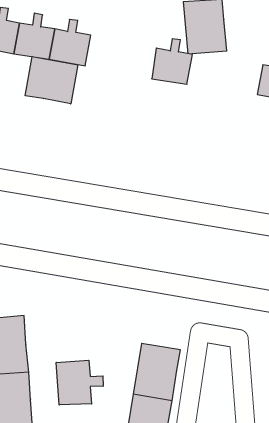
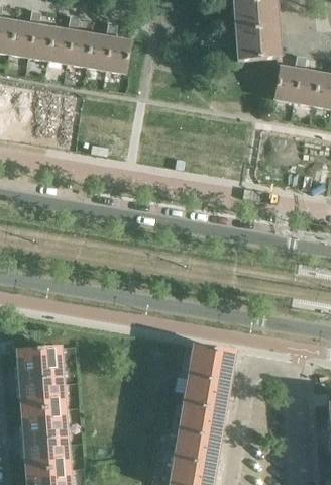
building: [152,39,192,84] -> [274,55,319,104]
building: [25,57,78,104] -> none
building: none -> [187,345,234,383]
building: [56,360,103,405] -> none

